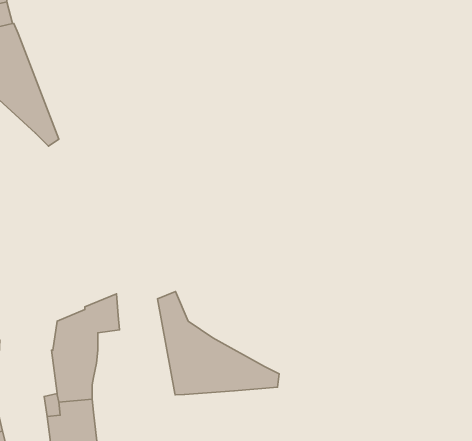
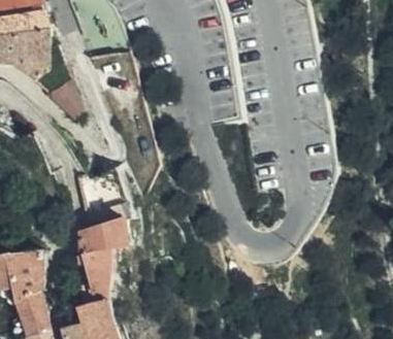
building: [157,291,279,395] -> none

